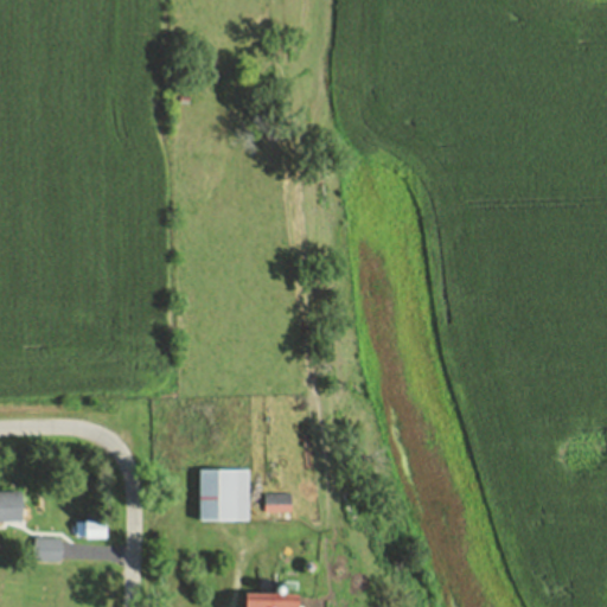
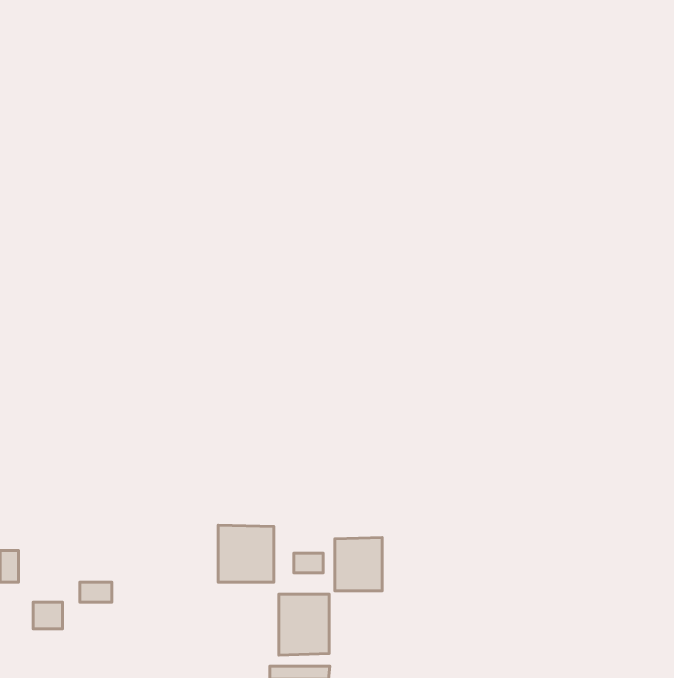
building: none -> [335,538,382,591]
building: none -> [279,594,329,655]

